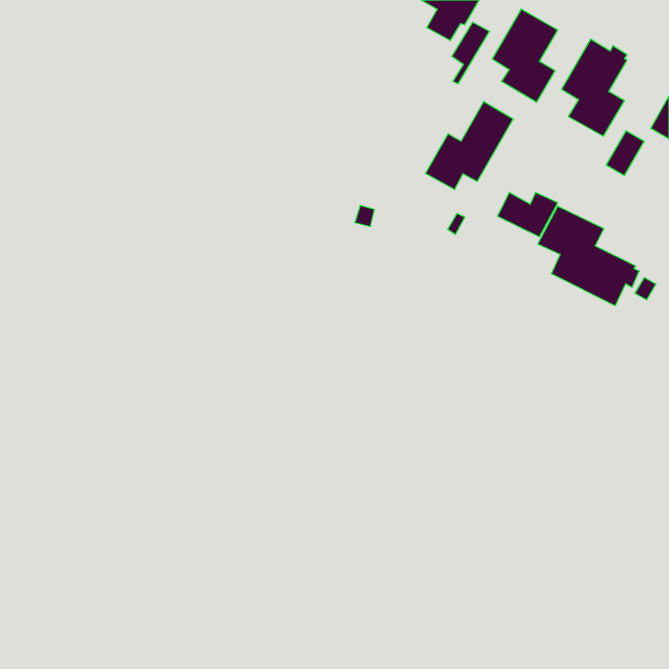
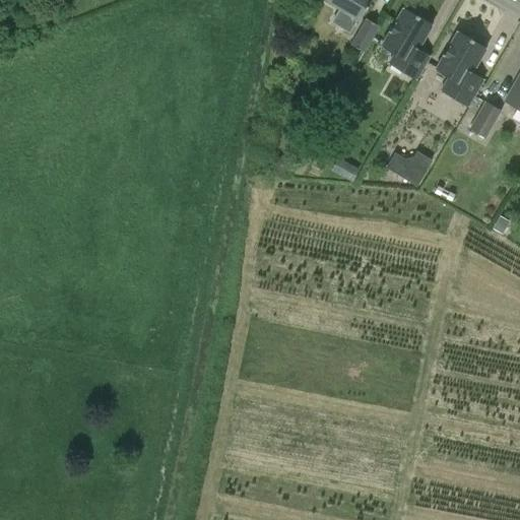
building: [425,101,513,190] -> none
building: [538,206,639,306] -> none

